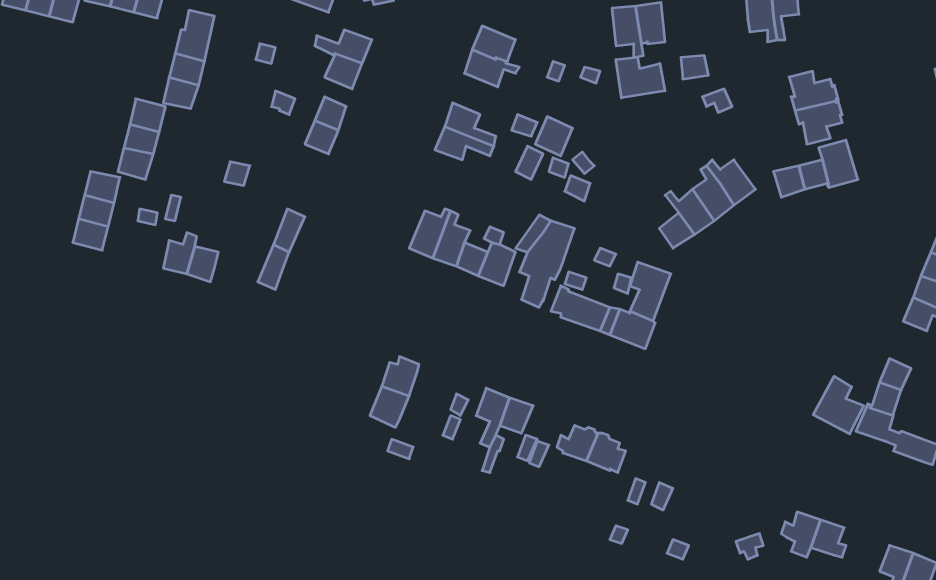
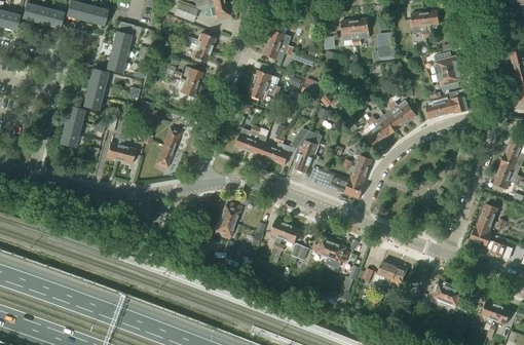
building: [616,57,665,98] -> none
building: [813,376,864,434] -> none
building: none -> [373,262,406,285]

